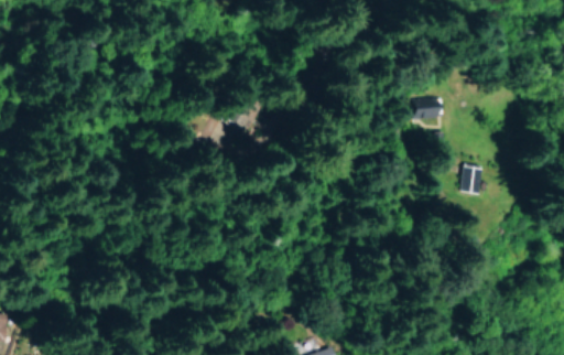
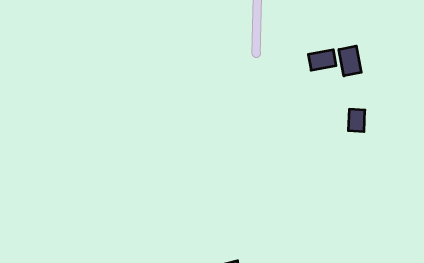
building: none -> [339,46,361,76]

